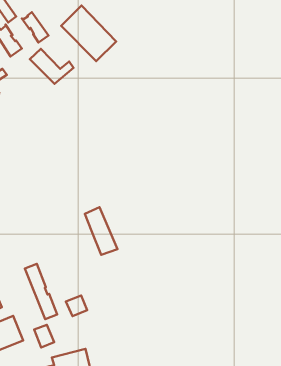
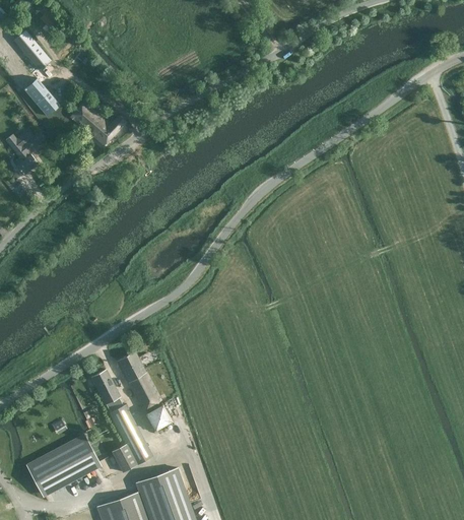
building: [61,6,116,61] -> none
building: [22,12,49,42] -> none
building: [85,207,118,255] -> [118,350,162,409]

